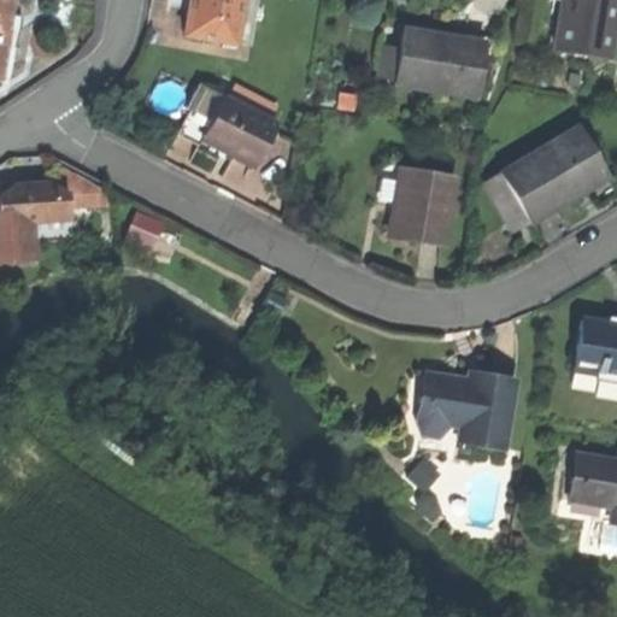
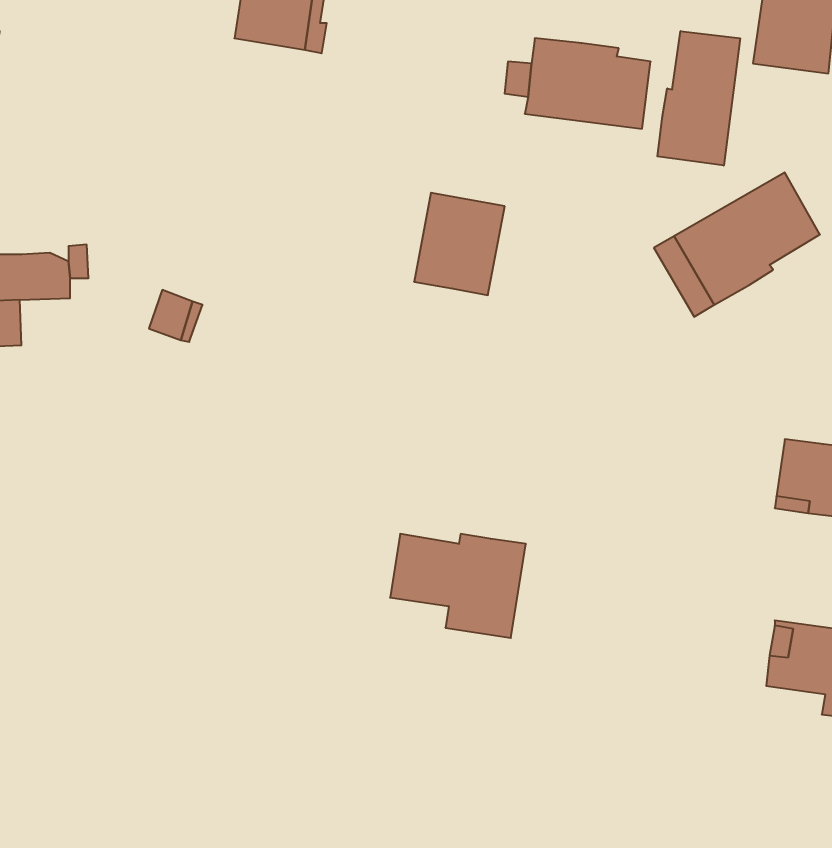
building: none -> [657,31,740,166]
building: [206,95,276,166] -> none
building: [392,169,457,242] -> [414,193,505,295]
building: [418,371,516,446] -> [390,534,526,638]

